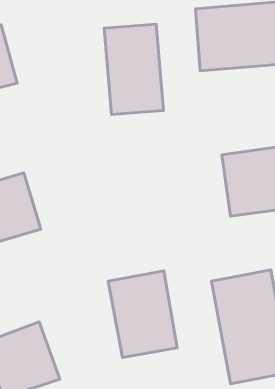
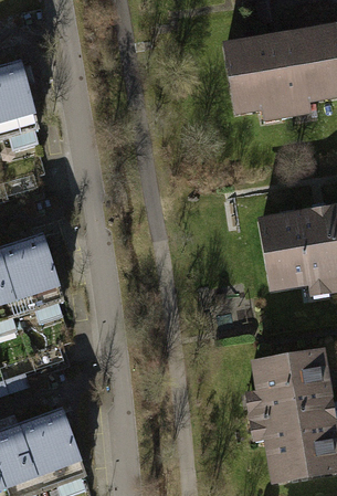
building: [104,24,164,115] -> none
building: [108,271,177,358] -> none

